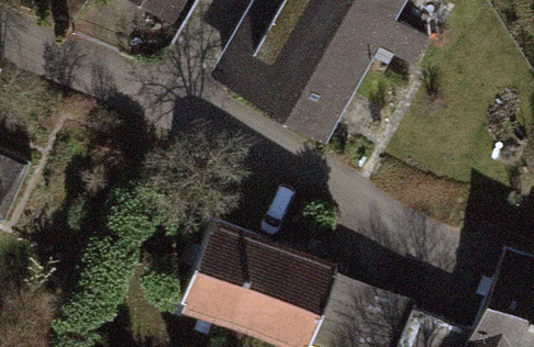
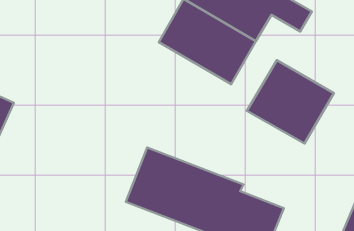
building: none -> [247,60,334,143]

